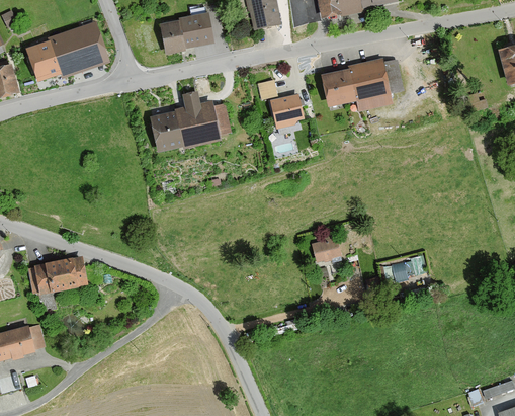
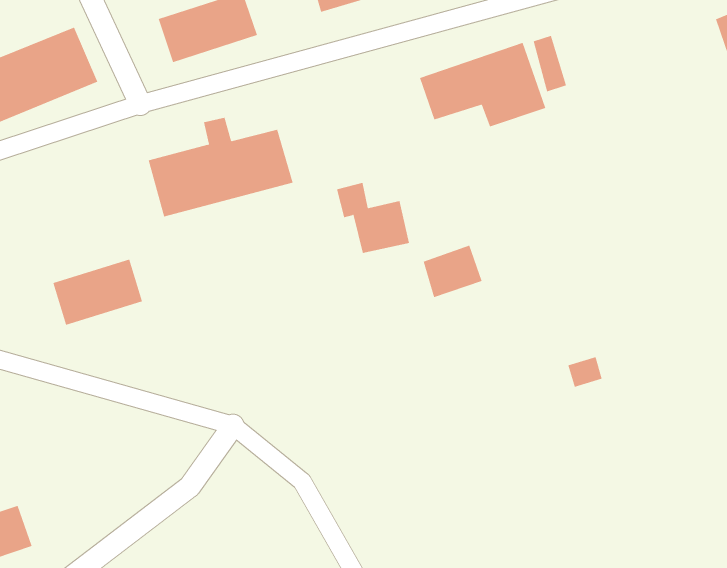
building: [255,80,298,124] -> [336,182,410,253]
building: [303,236,339,267] -> [423,245,482,298]
building: [37,258,93,297] -> [52,259,143,325]

